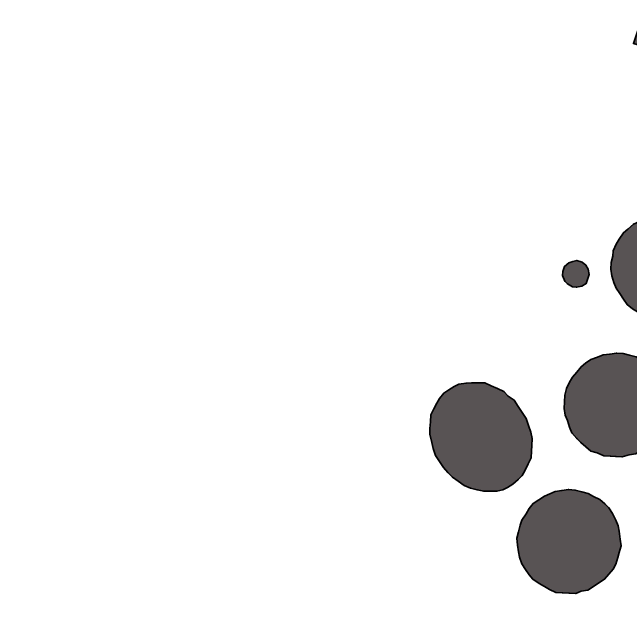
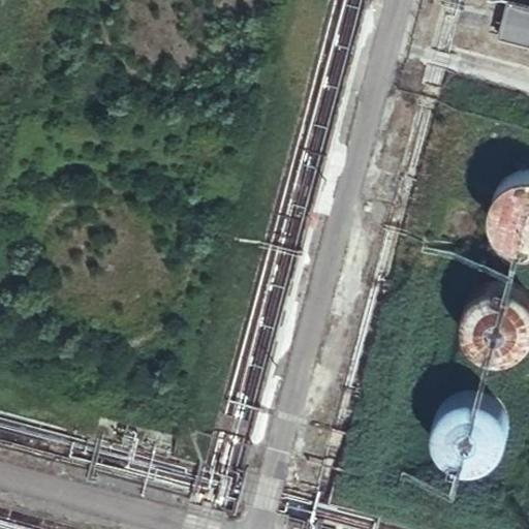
building: [430,383,532,491] -> none

